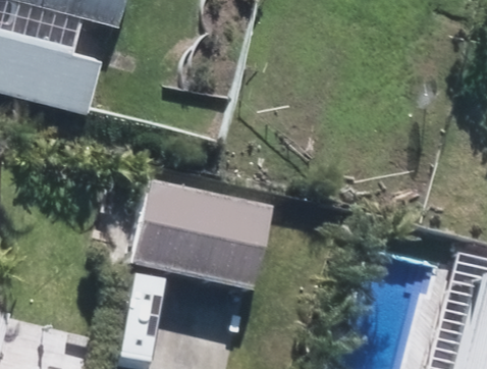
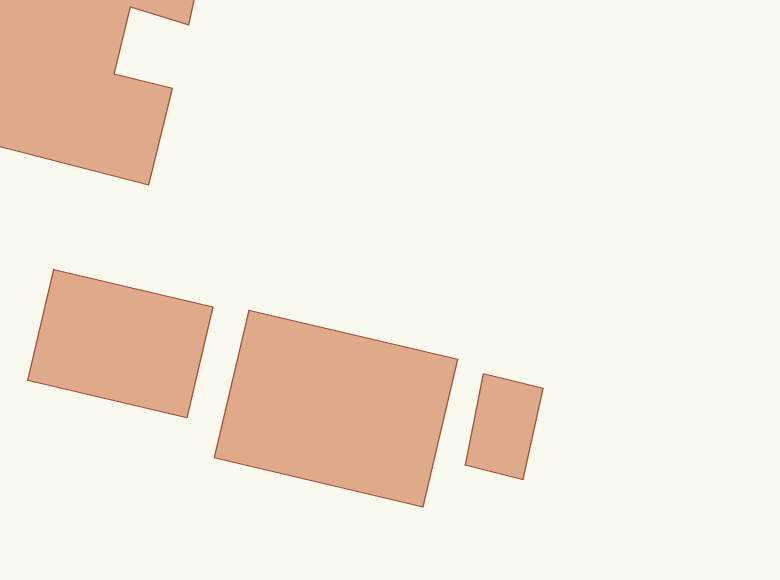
building: none -> [28,269,213,418]

